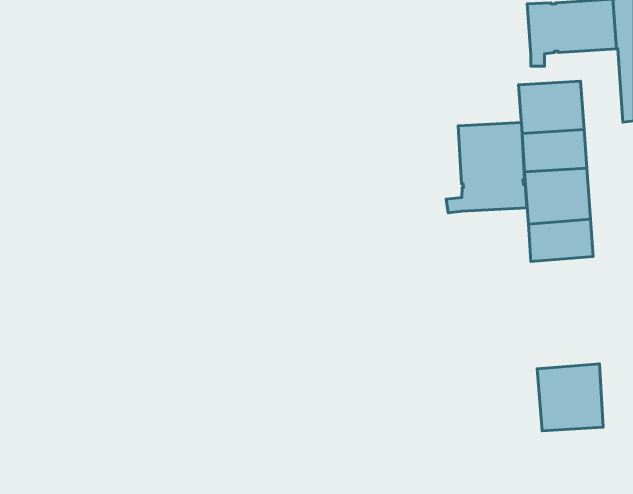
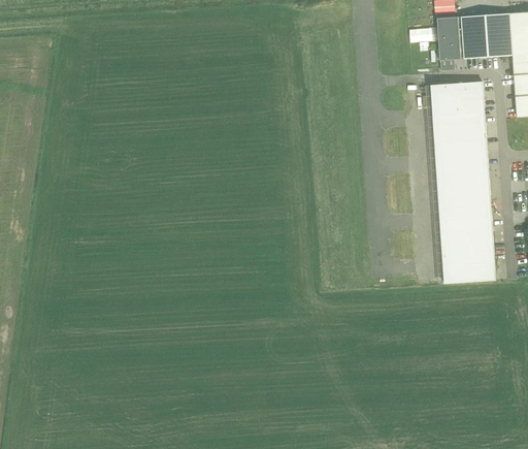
building: [446,123,527,213] -> none
building: [537,364,603,431] -> [440,227,495,283]

